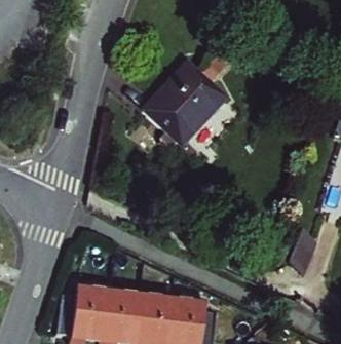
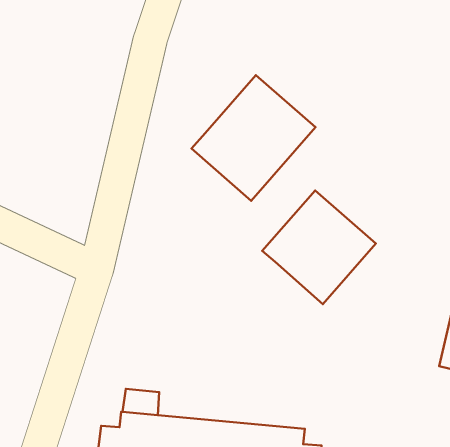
building: none -> [262,191,376,304]

